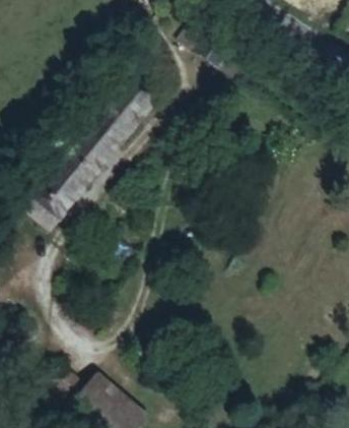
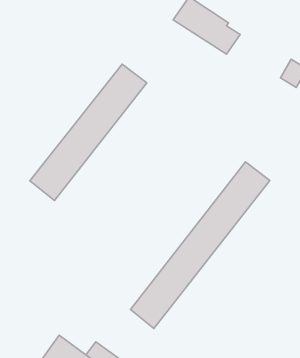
building: none -> [131,162,270,328]

